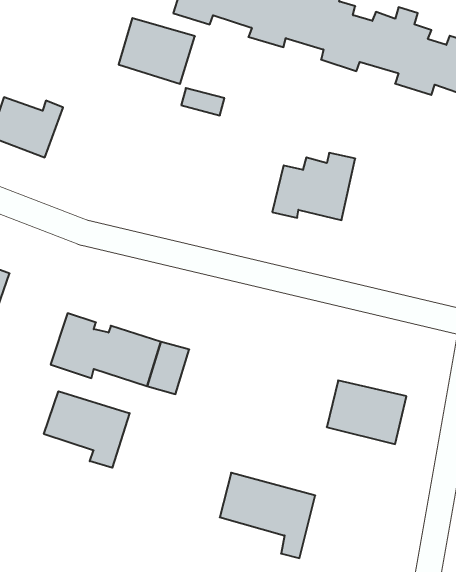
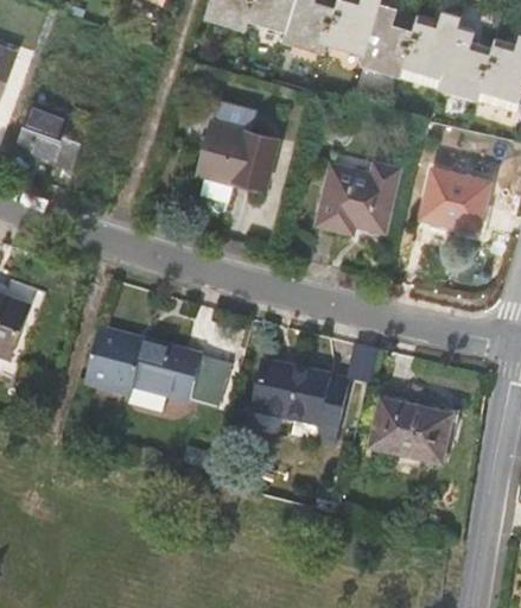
building: [119,18,195,84] -> [202,126,281,195]
building: none -> [421,170,488,232]
building: [44,391,130,468] -> none
building: [220,473,315,558] -> [247,361,347,450]

